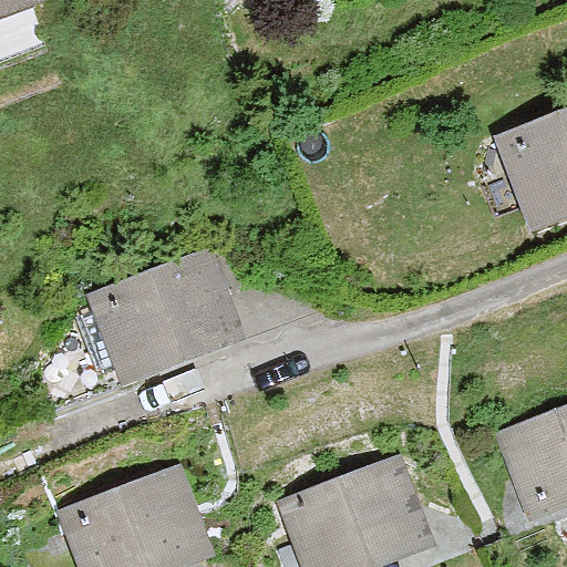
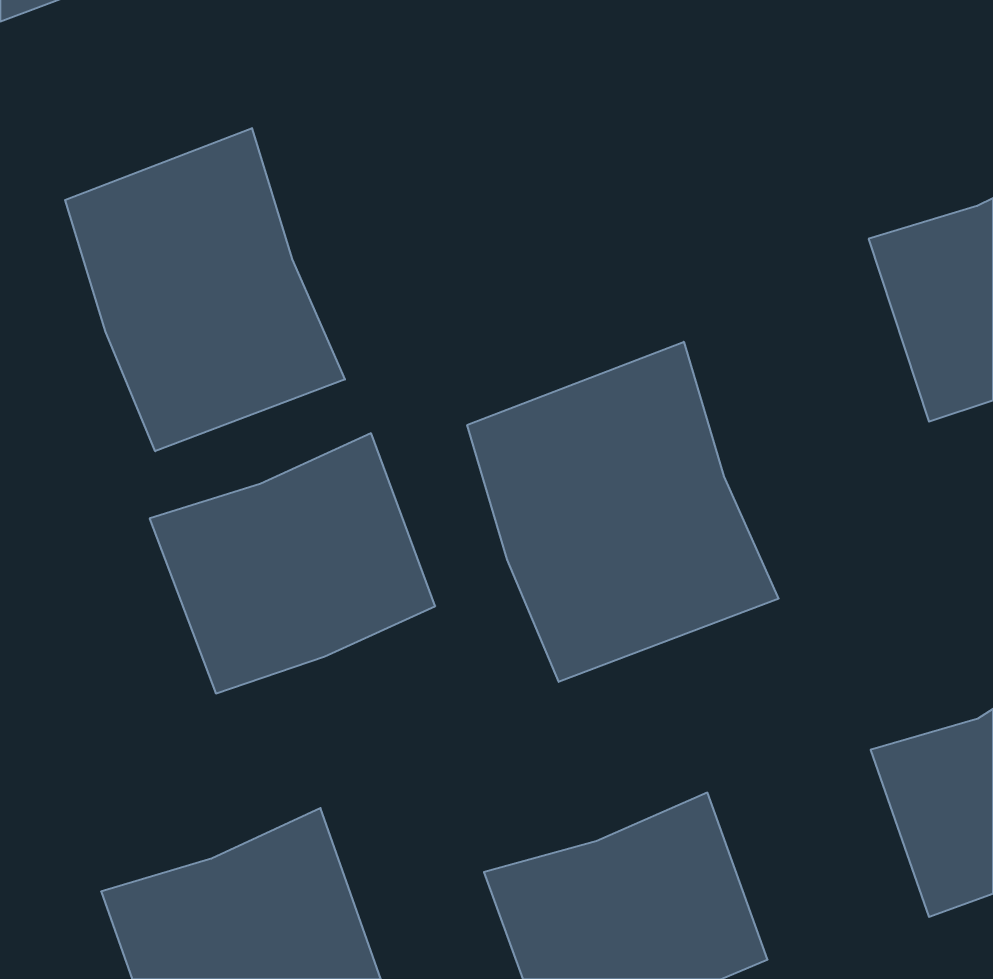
building: none -> [65,128,345,451]
building: none -> [467,342,779,682]

